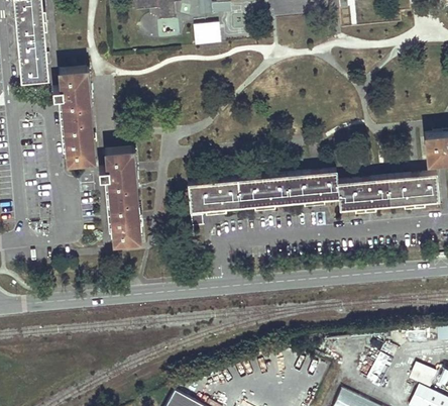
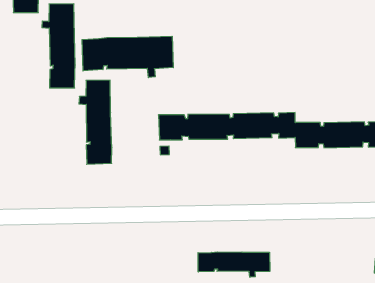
building: none -> [82,36,173,78]
building: none -> [198,252,270,277]

